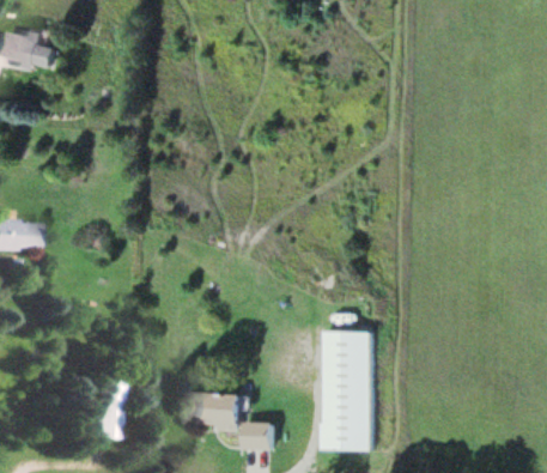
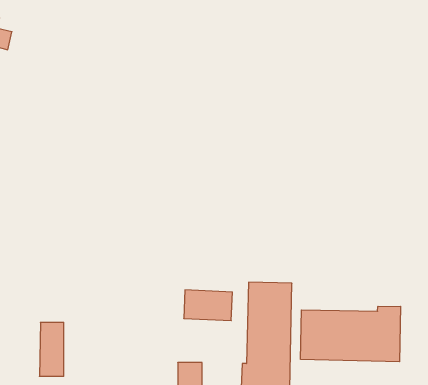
building: none -> [301,306,401,362]
building: [188,394,243,429] -> [184,290,232,321]

